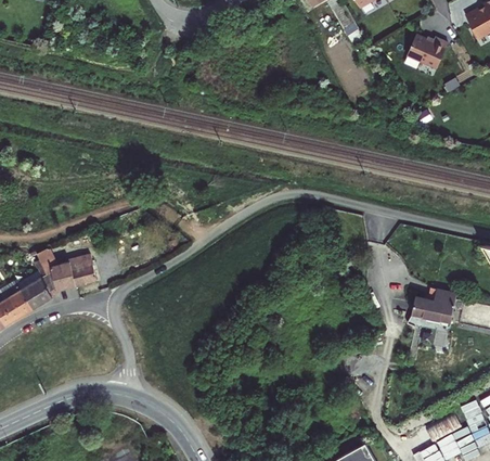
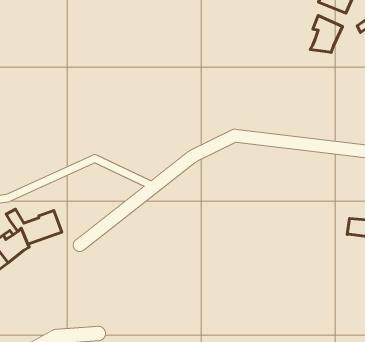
building: none -> [310,16,342,52]

